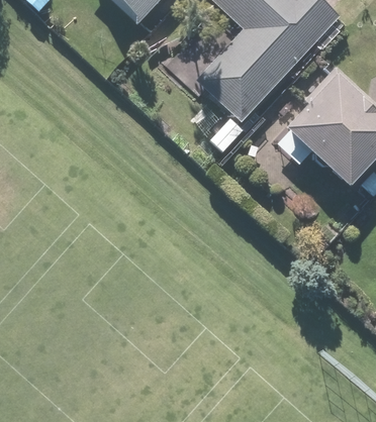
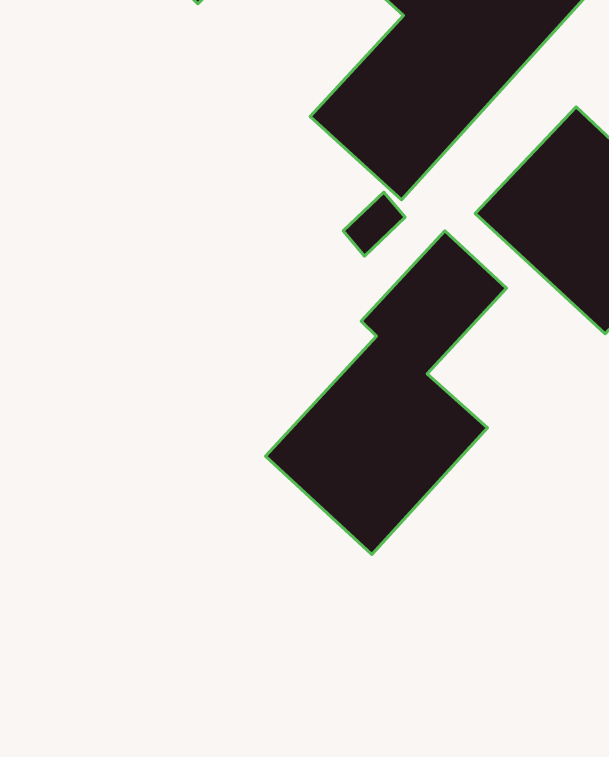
building: none -> [265,231,507,555]

